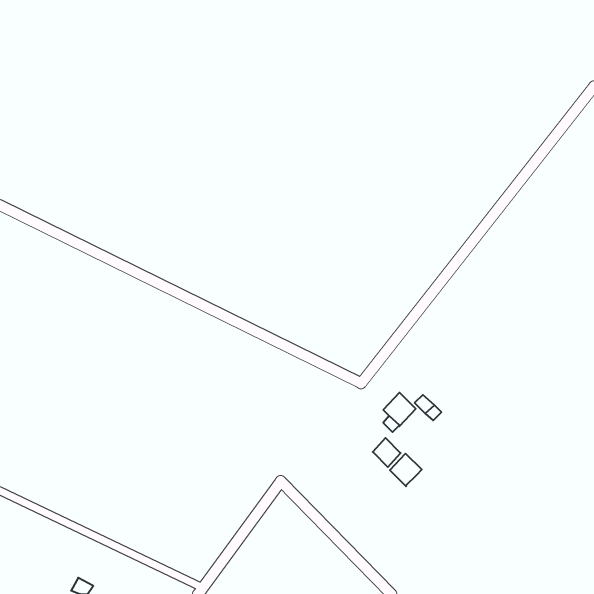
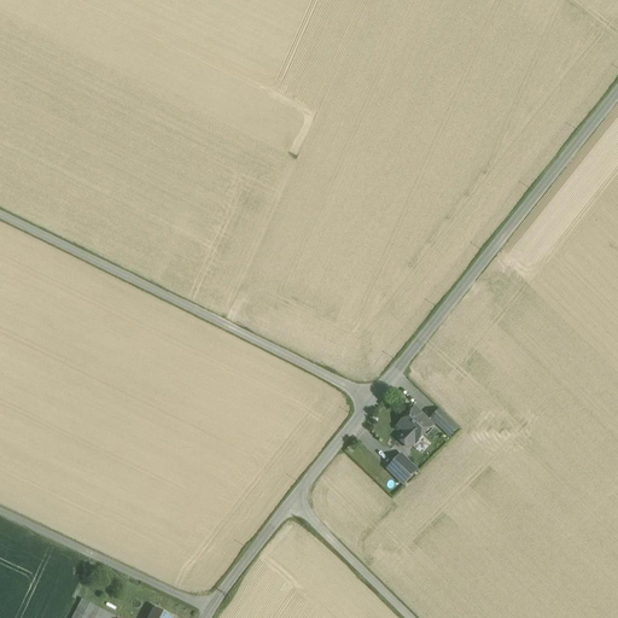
building: [390,454,422,486] -> none

